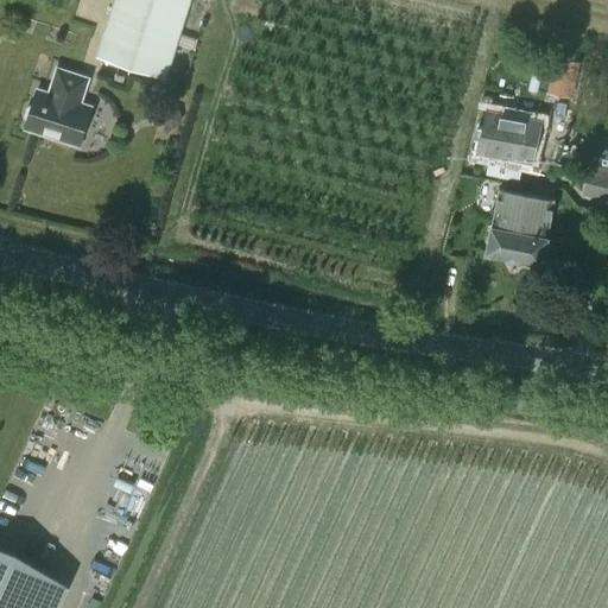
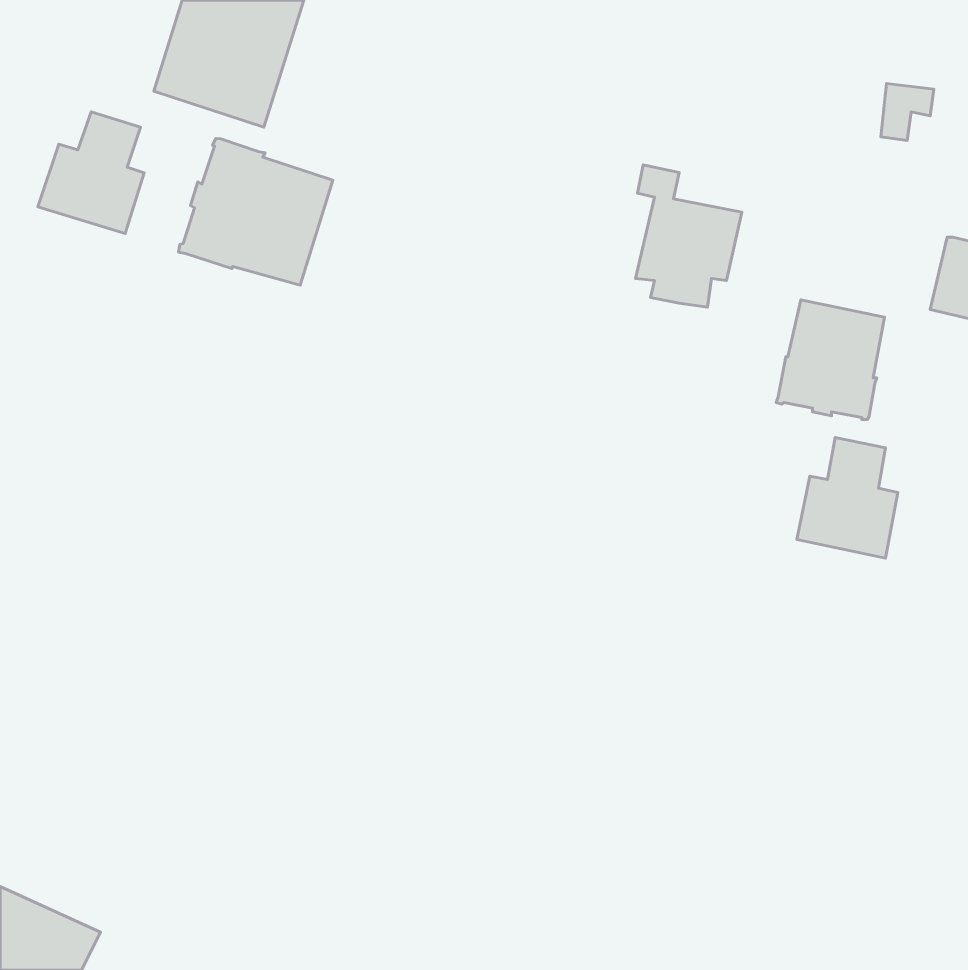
building: none -> [178,139,333,285]
building: [476,91,543,180] -> [635,165,742,307]
building: none -> [797,437,898,558]

